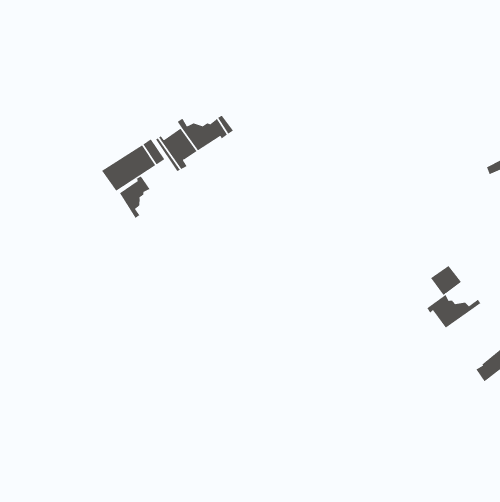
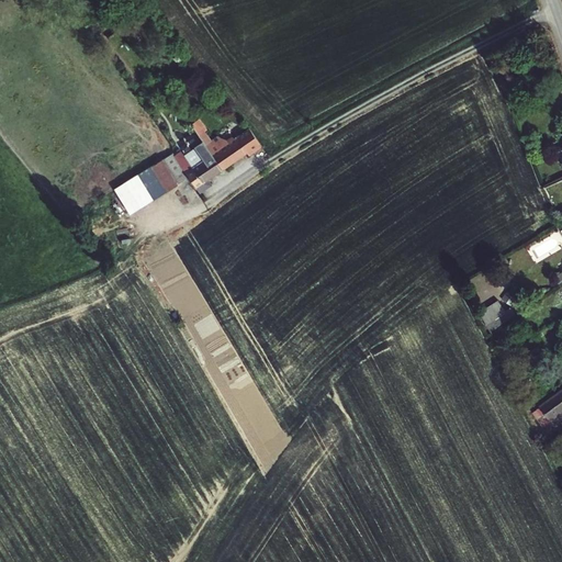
building: [119,175,150,219] -> none
building: [426,294,481,328] -> none

